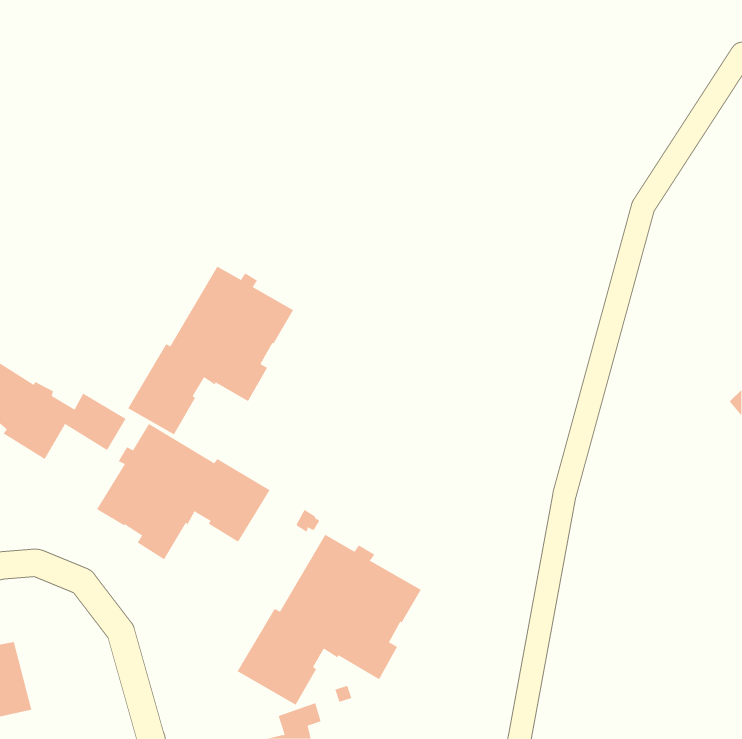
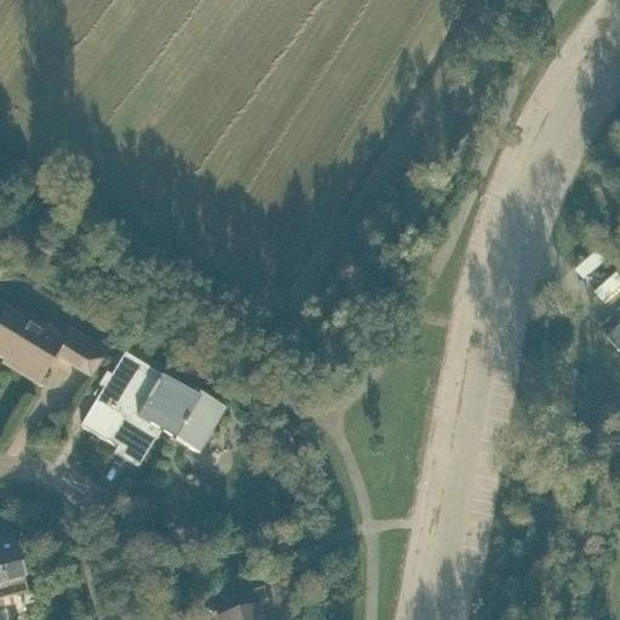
building: [127,266,294,435] -> none
building: [237,534,422,705] -> none

